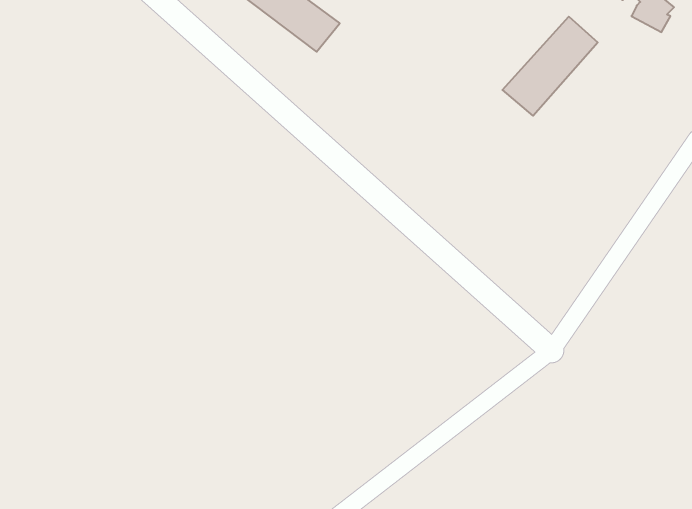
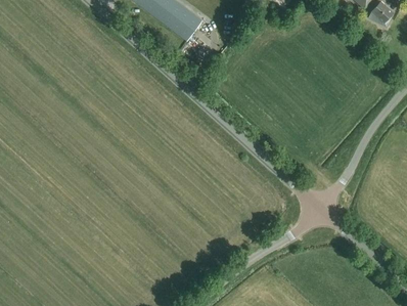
building: [502,17,598,116] -> none

